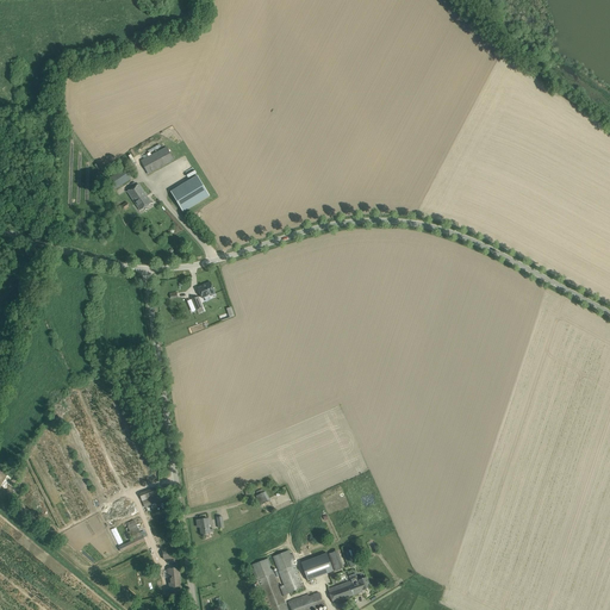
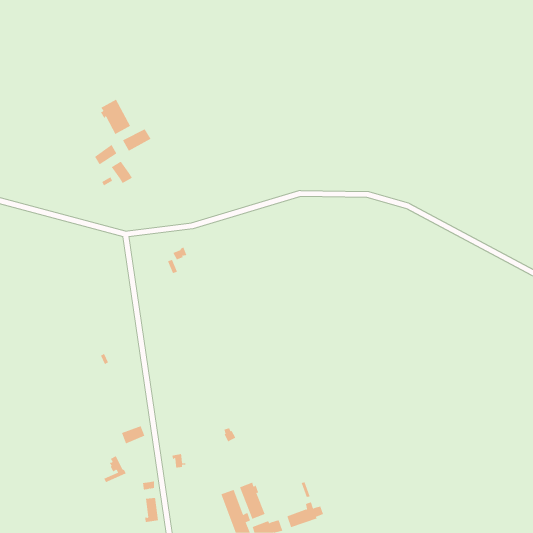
building: none -> [100,99,131,135]
building: [170,175,208,211] -> none
building: [300,552,332,580] -> none

